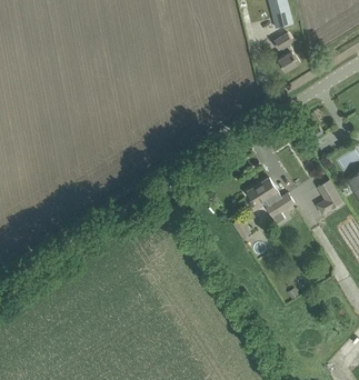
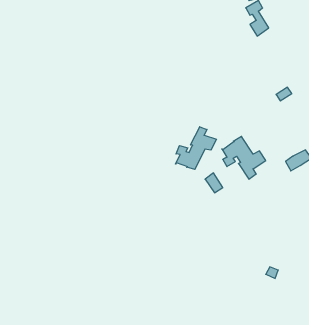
building: none -> [176,127,216,169]

